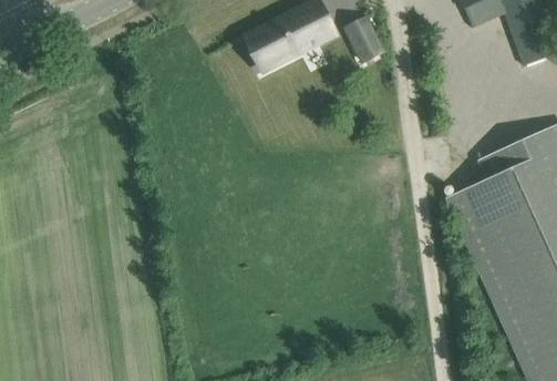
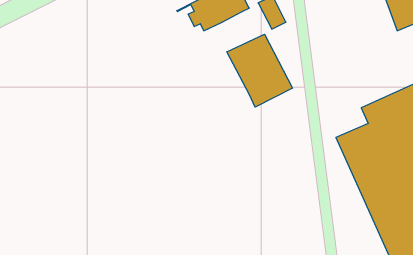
building: none -> [227,34,292,107]

